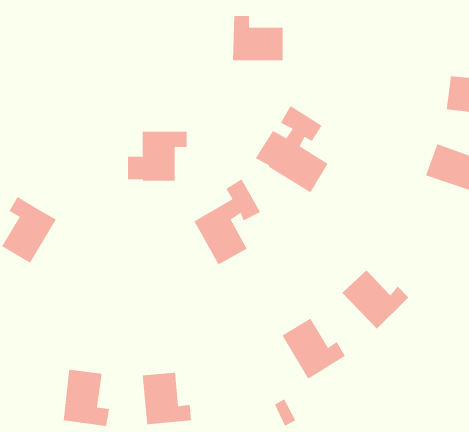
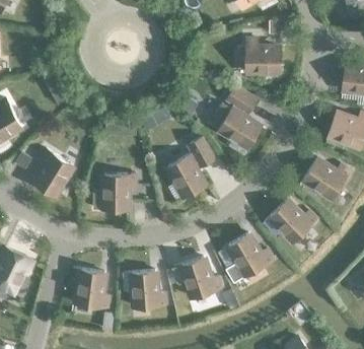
building: [232,15,283,61] -> [244,40,280,71]
building: [127,131,187,181] -> [93,174,135,209]
building: none -> [302,159,349,198]
building: none -> [180,258,221,298]

